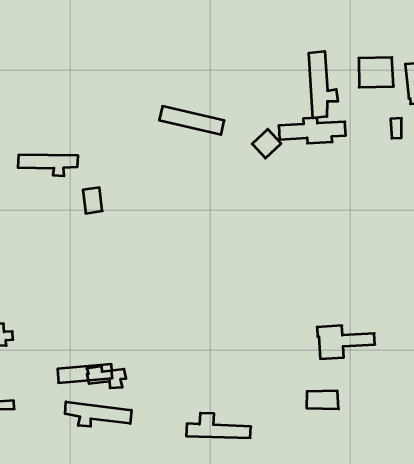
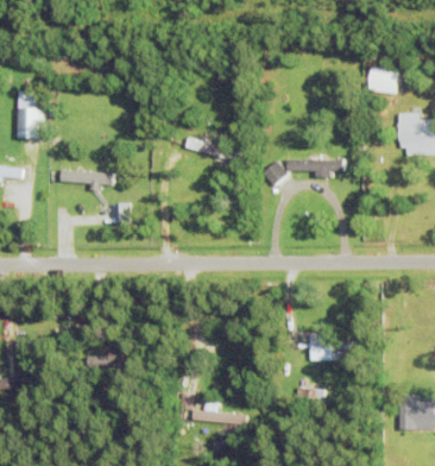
building: [309,51,338,118] -> none
building: [359,57,394,87] -> [366,67,396,93]
building: [65,402,131,426] -> none

